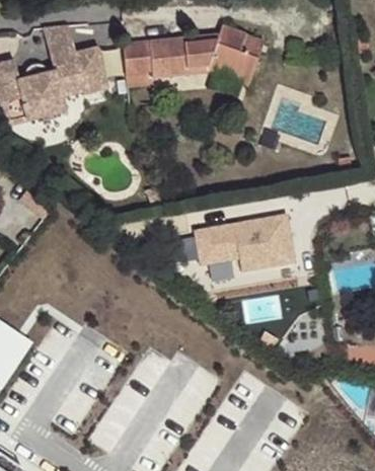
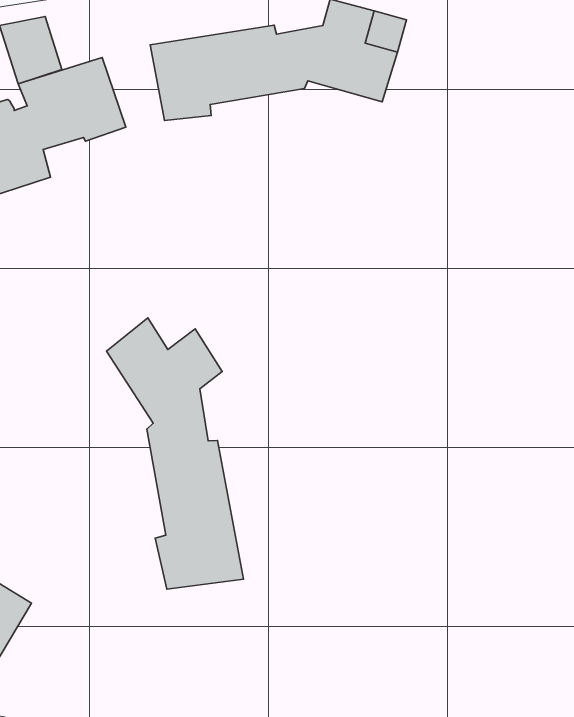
building: none -> [107,318,243,589]
building: [191,212,294,272] -> none

